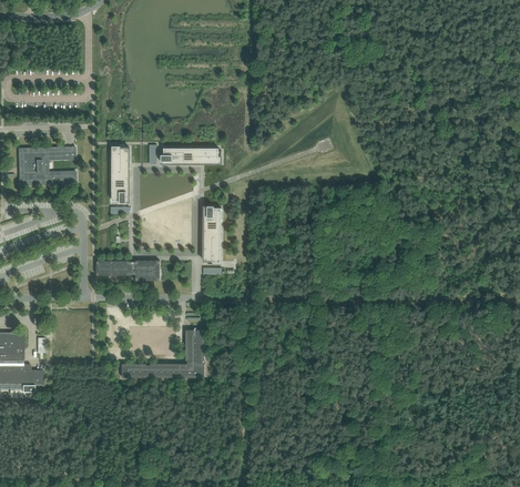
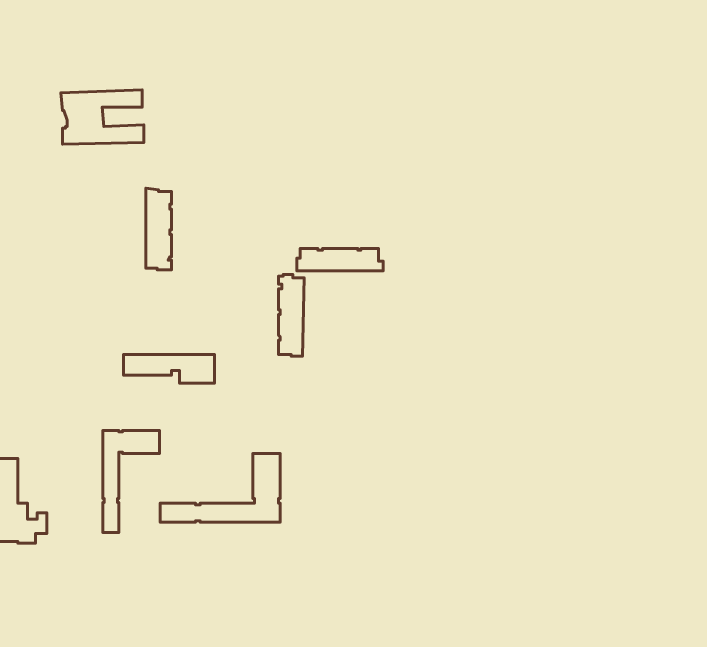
building: [18,146,75,184] -> [61,90,144,144]
building: [161,148,221,163] -> [297,249,383,271]
building: none -> [103,431,160,532]

